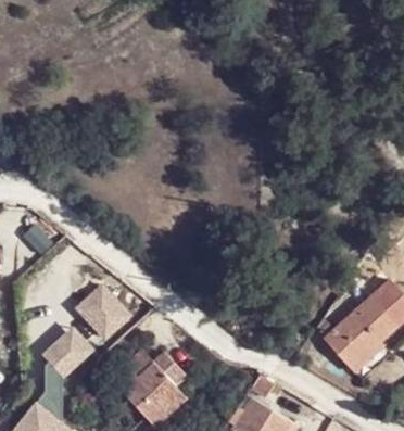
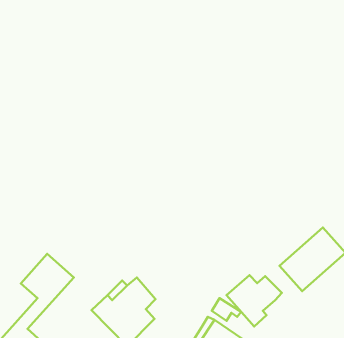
building: [72,280,134,341] -> none
building: none -> [226,275,282,326]

